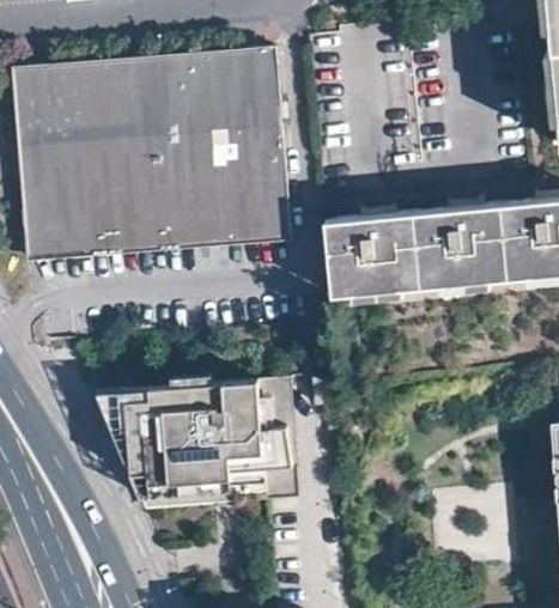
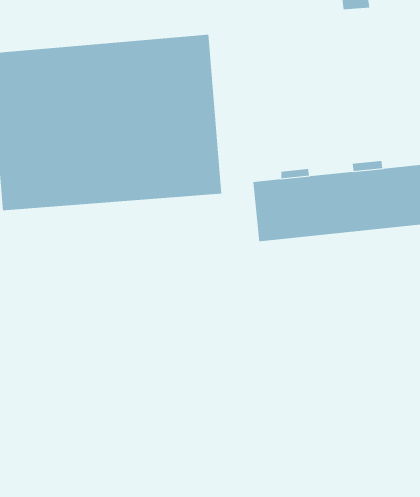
building: [98,377,300,510] -> none

